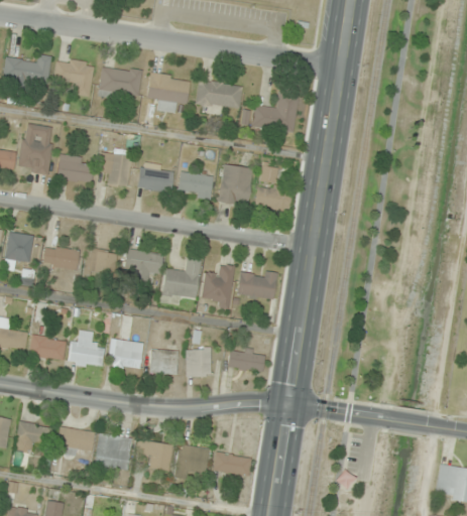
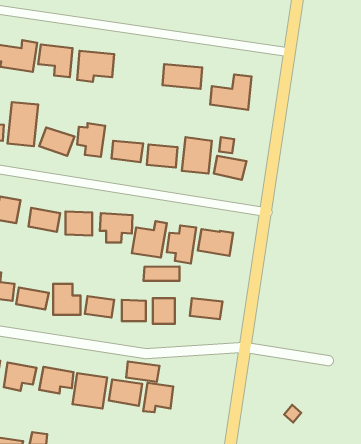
building: [146,73,191,113] -> none
building: none -> [144,267,180,281]
building: [214,453,252,476] -> [126,362,160,382]

